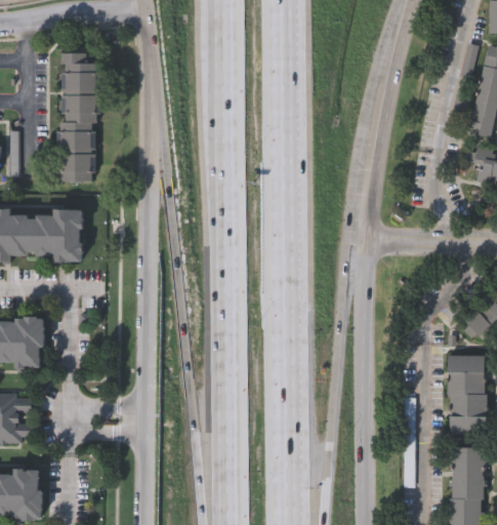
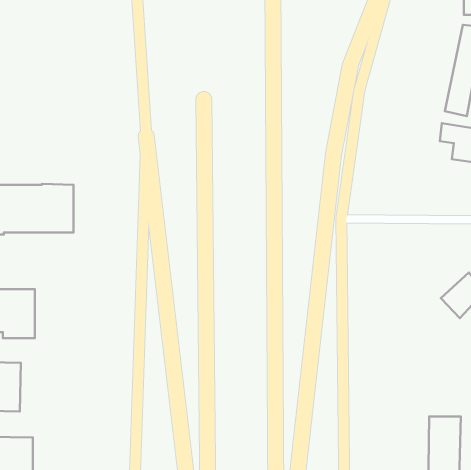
building: [57,52,98,183] -> none
building: [447,357,487,436] -> none

